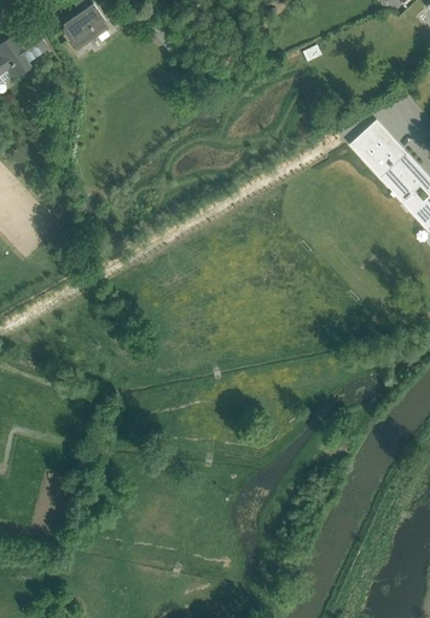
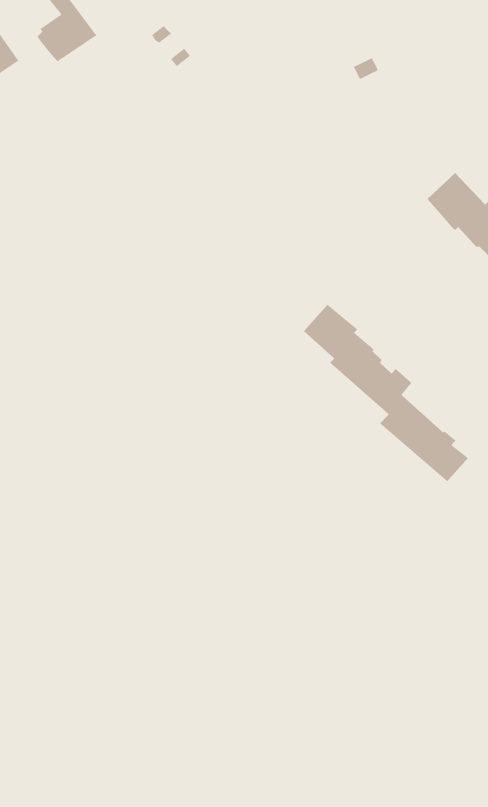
building: none -> [303,304,469,482]

